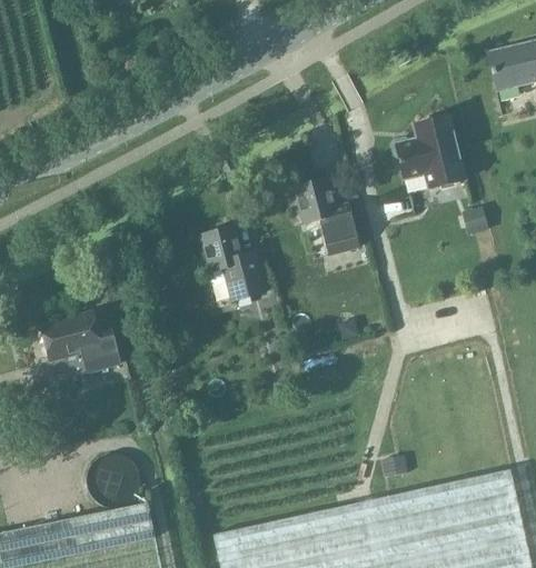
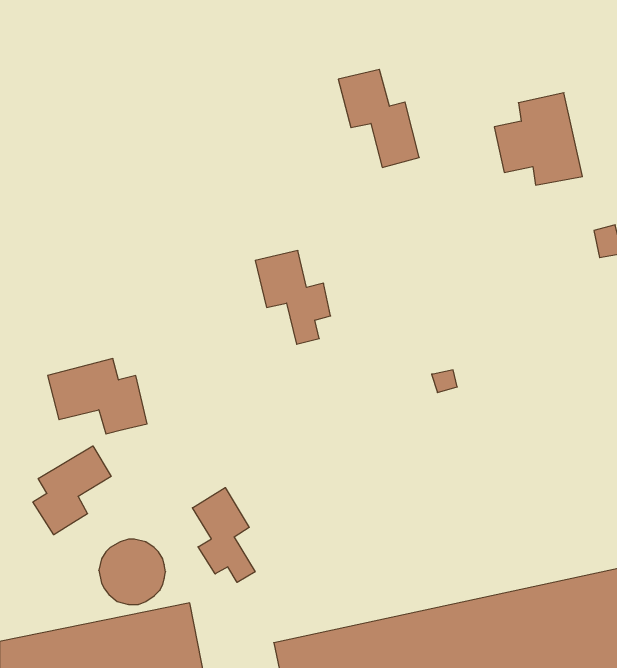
building: [295,180,358,257] -> [338,69,419,167]
building: none -> [33,446,111,535]
building: none -> [192,488,255,582]

